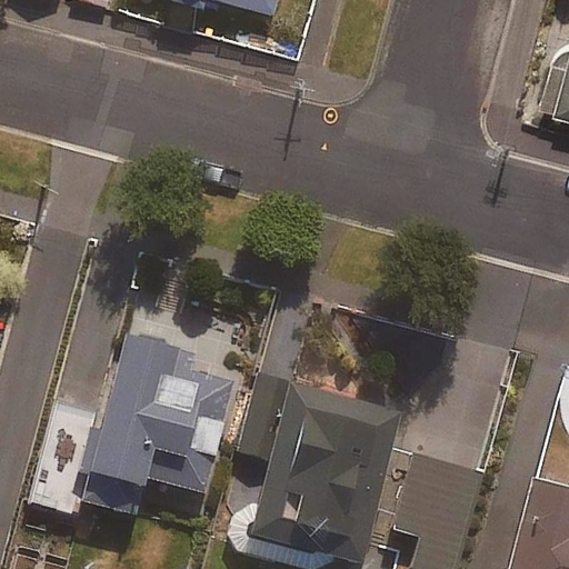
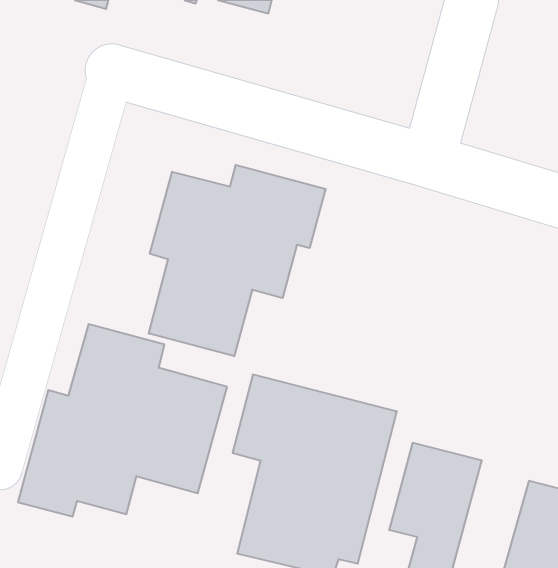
building: none -> [149,165,326,356]

